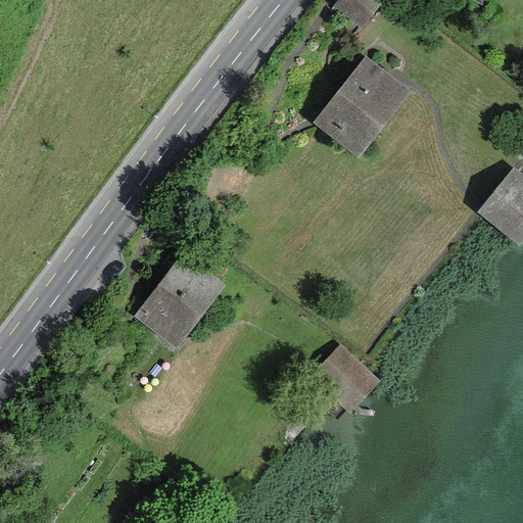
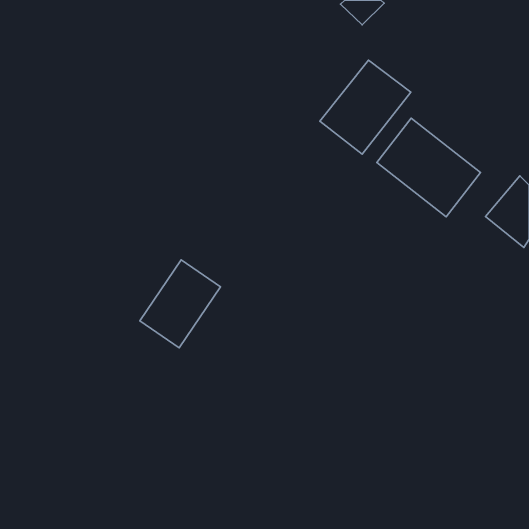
building: none -> [377,118,481,217]
building: [314,346,376,409] -> none

